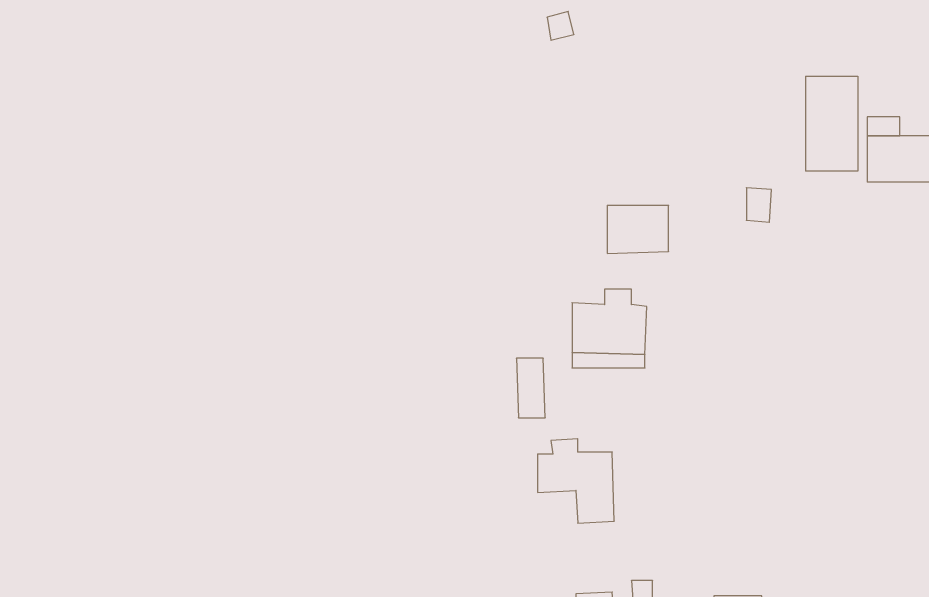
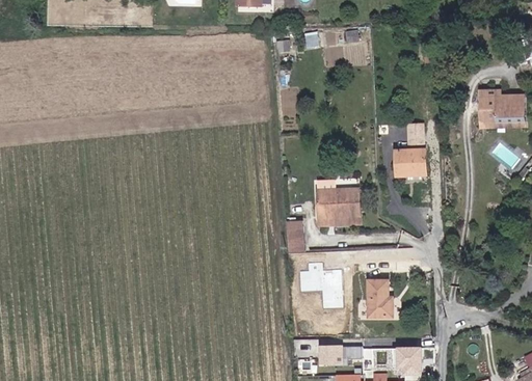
building: [806,76,858,171] -> none
building: [607,205,669,253] -> [394,152,427,178]
building: none -> [367,279,393,316]

